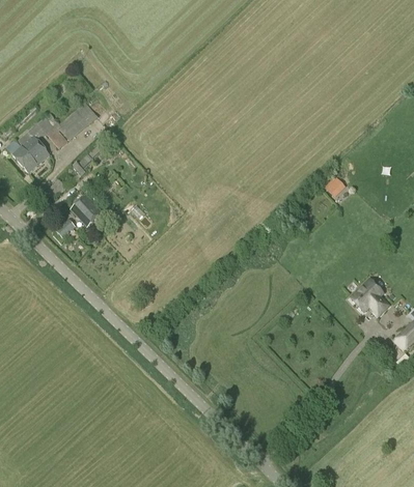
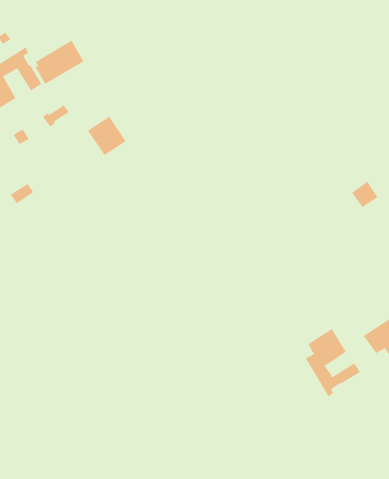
building: [71,195,103,227] -> [87,116,126,156]
building: none -> [305,328,360,397]

